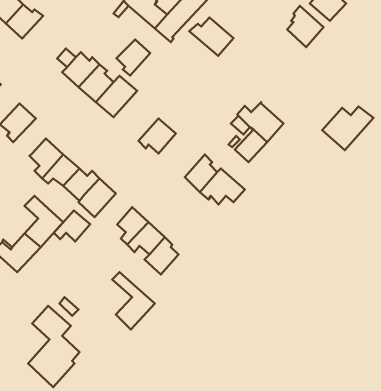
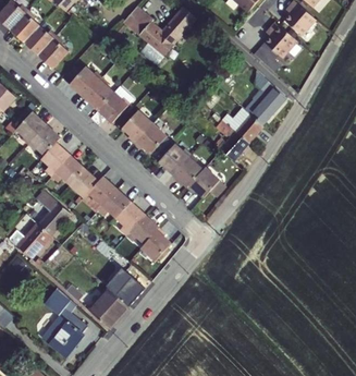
building: none -> [35,35,64,68]
building: [189,18,234,56] -> none
building: [117,39,150,76] -> [124,112,154,144]
building: [322,107,374,150] -> [243,90,287,129]
building: none -> [27,124,60,155]
building: none -> [162,146,194,175]
building: [54,210,90,242] -> [99,190,131,217]
building: none -> [89,290,130,330]

